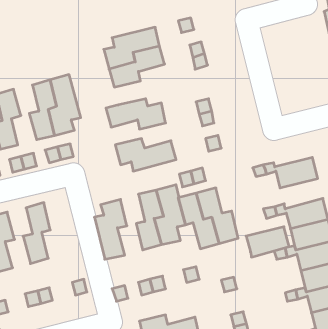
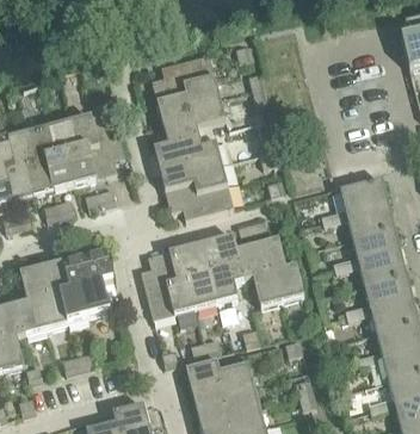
building: none -> [163,97,227,143]
building: none -> [47,120,78,188]
building: none -> [160,160,228,192]
building: none -> [340,178,389,213]
building: none -> [167,244,198,314]
building: none -> [81,249,113,317]
building: none -> [39,260,70,328]
building: [246,227,289,257] -> [352,227,401,261]
building: none -> [186,359,255,392]

